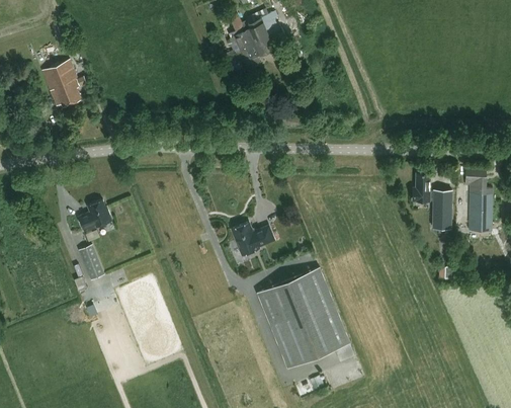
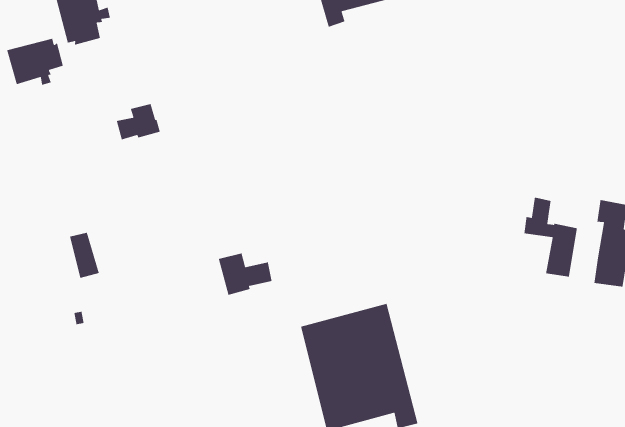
building: none -> [6,38,64,86]
building: [77,200,111,231] -> [116,103,161,140]
building: [231,223,273,256] -> [218,252,273,296]

